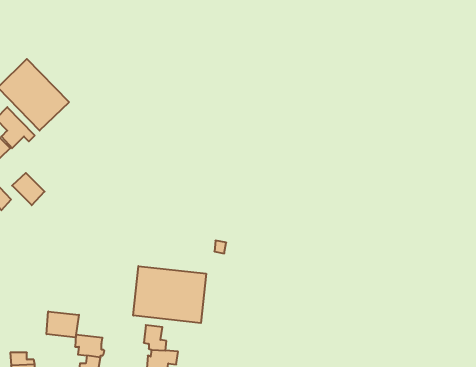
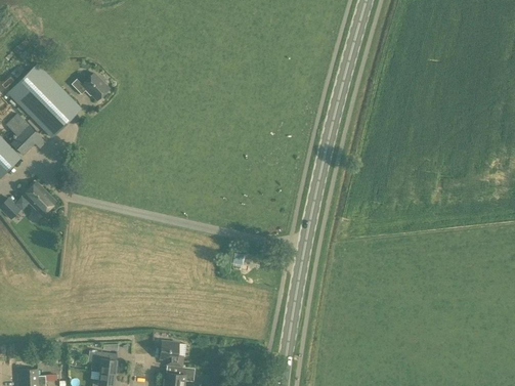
building: none -> [72,72,111,101]
building: [133,266,206,323] -> none
building: [47,311,79,338] -> none

